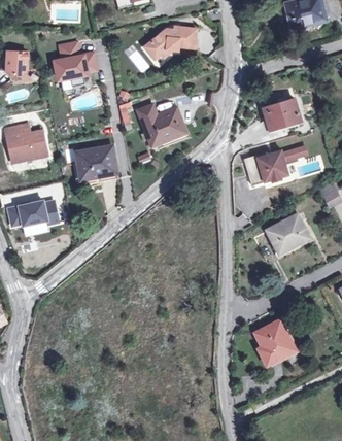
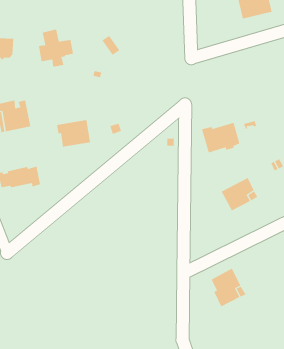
building: [144,28,196,60] -> none
building: [264,99,301,130] -> none
building: [137,104,181,146] -> none

